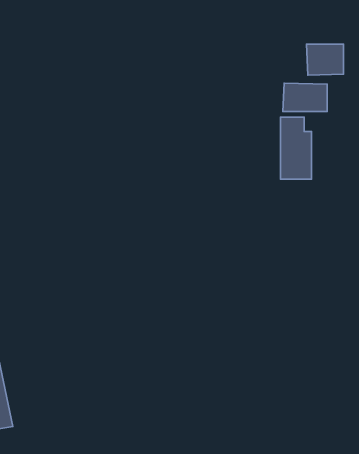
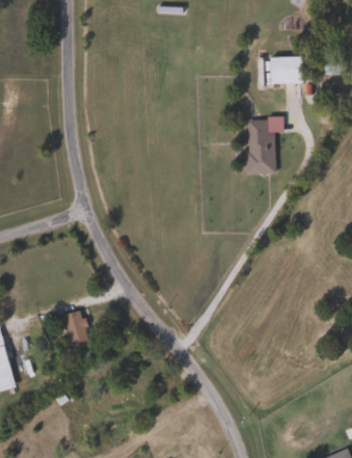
building: [283,83,327,112] -> none
building: none -> [62,309,89,345]

